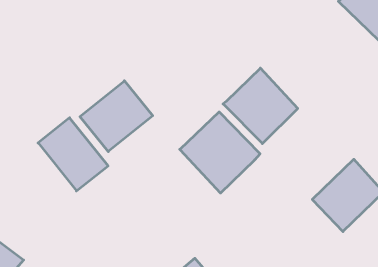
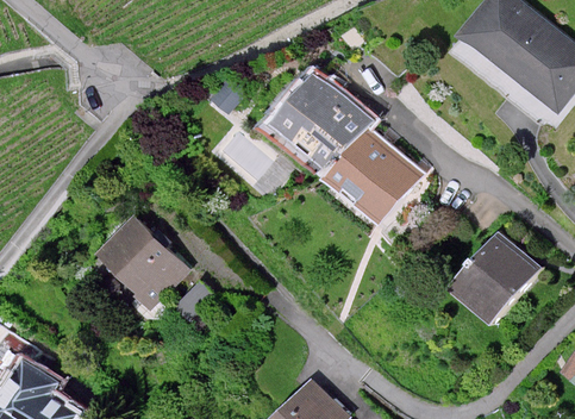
building: [80,81,153,152] -> none
building: [180,112,260,193] -> [271,71,374,174]

